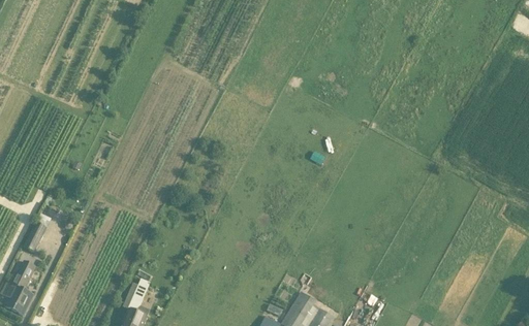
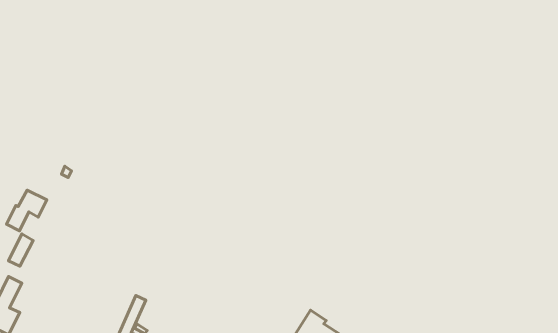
building: none -> [7,190,47,231]

